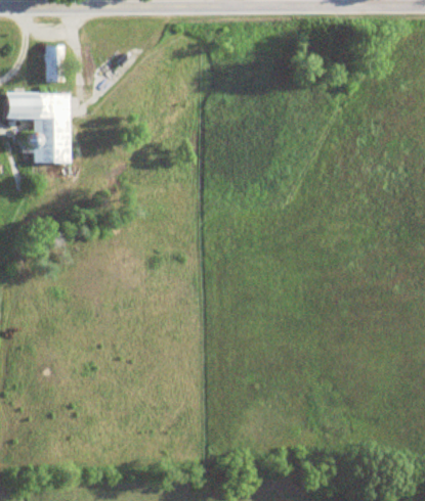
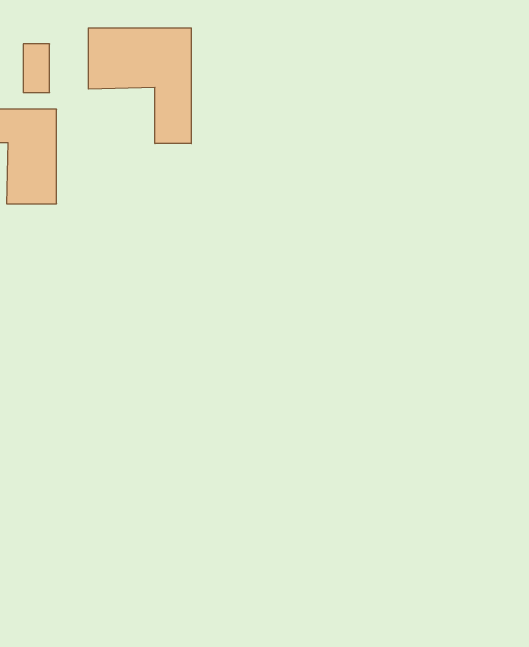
building: none -> [88,28,191,144]

